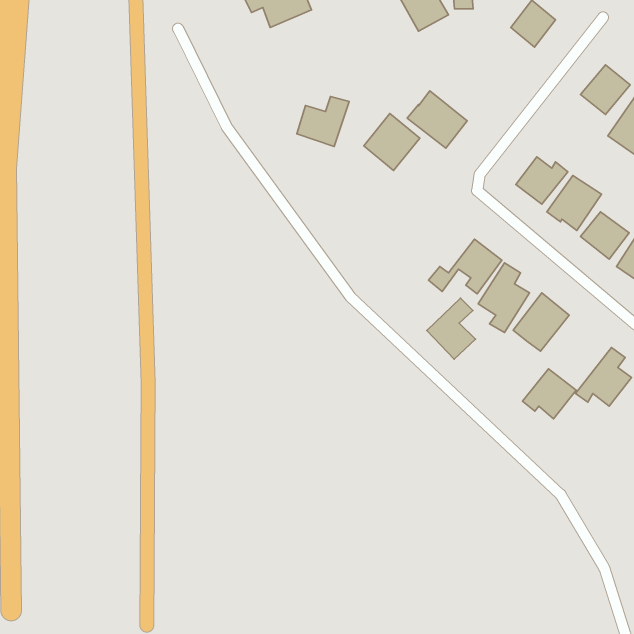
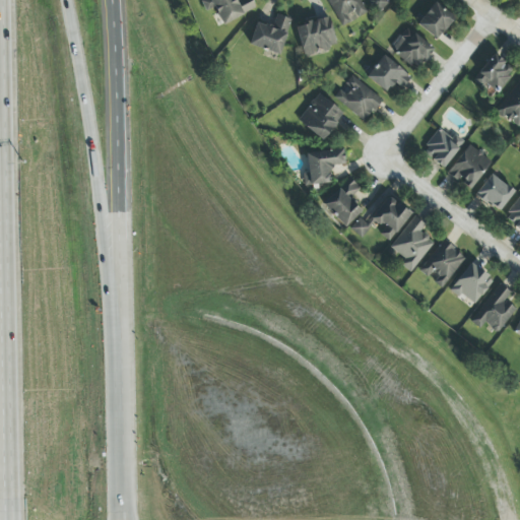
building: none -> [298,16,338,54]
building: none -> [391,26,434,68]
building: none -> [367,54,411,91]
building: [297,97,349,146] -> [250,13,292,54]
building: none -> [304,147,345,184]
building: [427,298,475,359] -> [323,177,363,226]
building: [522,369,576,419] -> [450,262,494,303]

